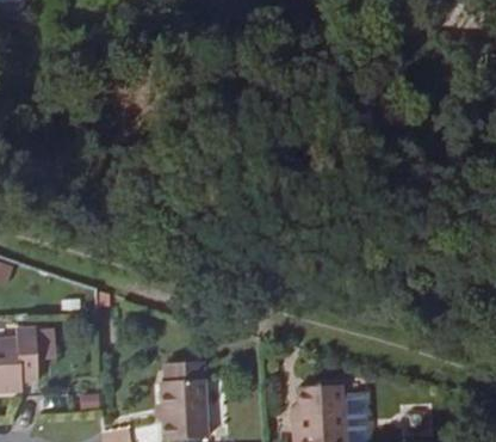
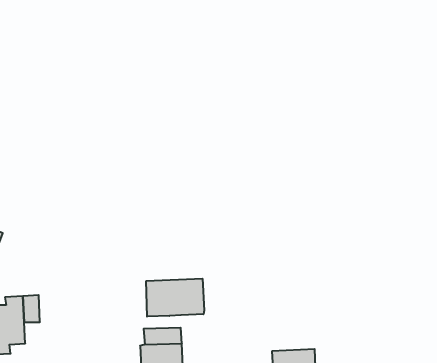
building: none -> [146,279,204,317]

